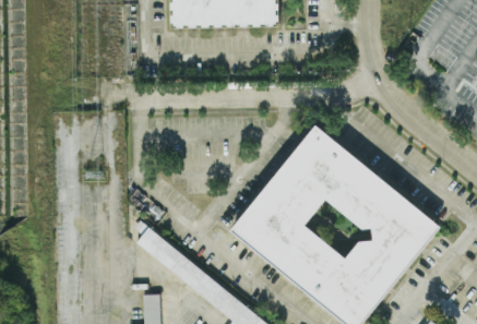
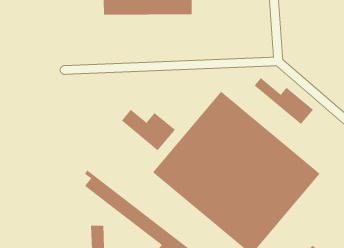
building: none -> [254,77,314,125]
building: none -> [121,109,176,151]

